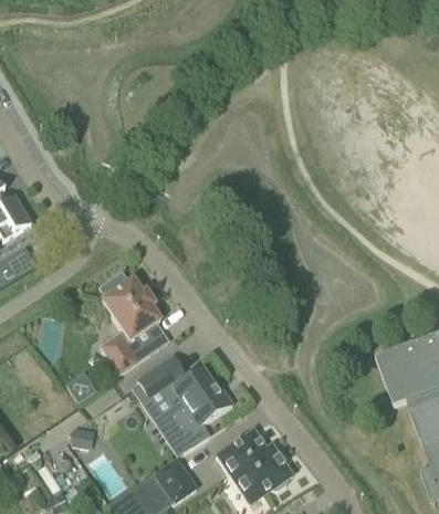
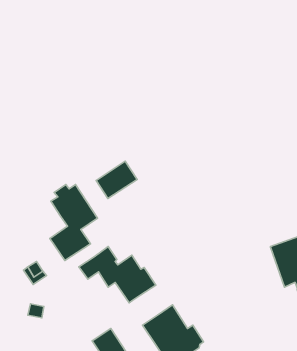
building: none -> [96,161,137,198]
building: [132,380,211,451] -> none

